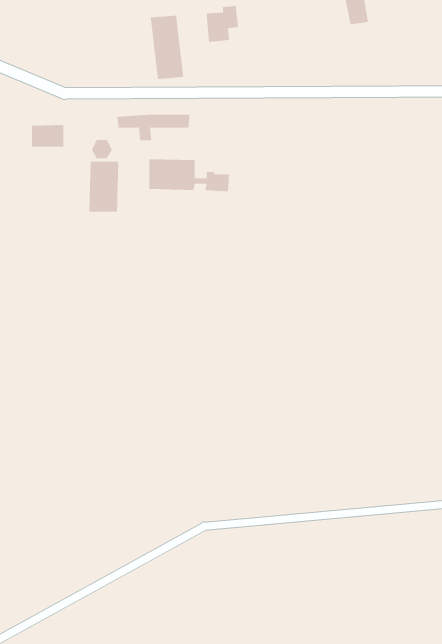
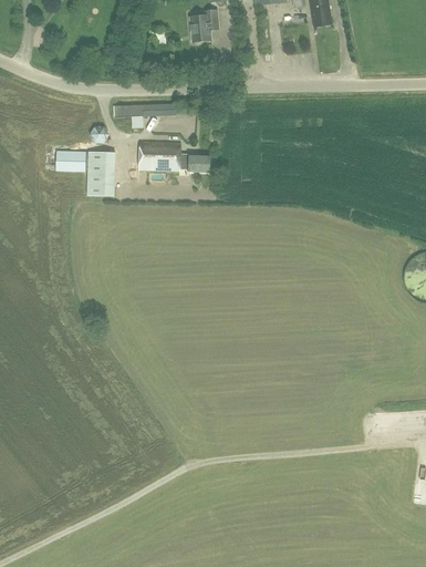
building: [150,15,184,80] -> none
building: [31,124,64,147] -> [55,152,84,172]

